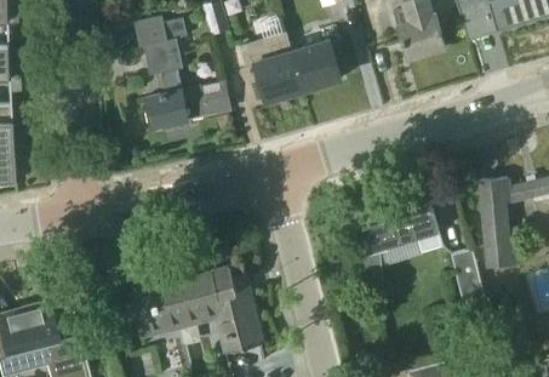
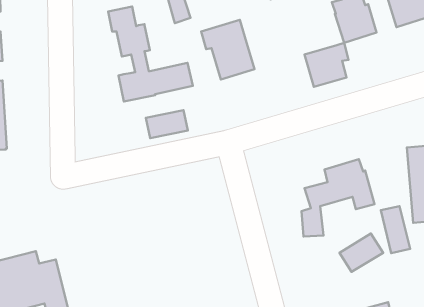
building: [292,39,343,90] -> [305,43,348,87]
building: none -> [146,110,188,138]
building: [128,265,262,354] -> none
building: none -> [340,234,383,272]

